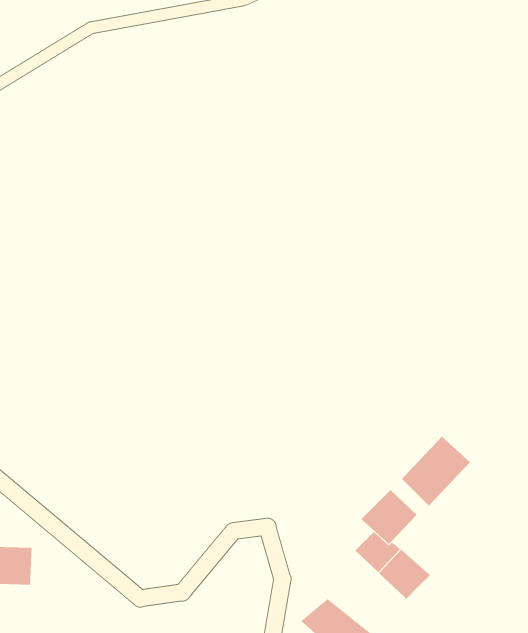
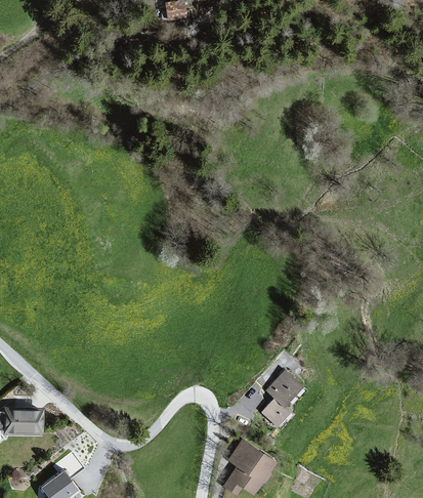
building: [401,436,471,506] -> none
building: [378,549,431,599] -> none

